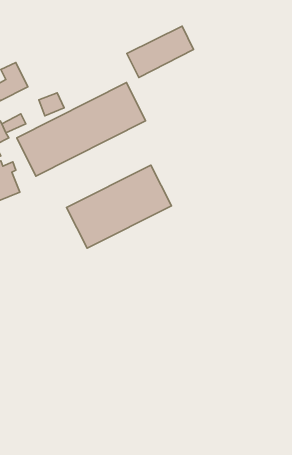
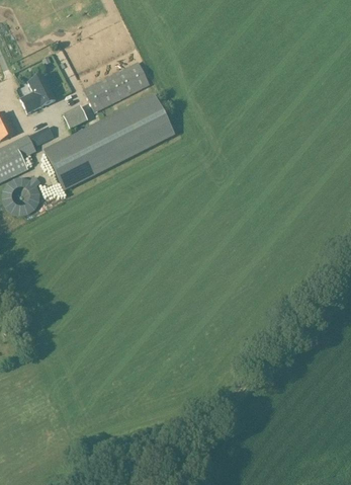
building: [127,26,193,78] -> [82,62,149,113]
building: [66,165,171,248] -> none

